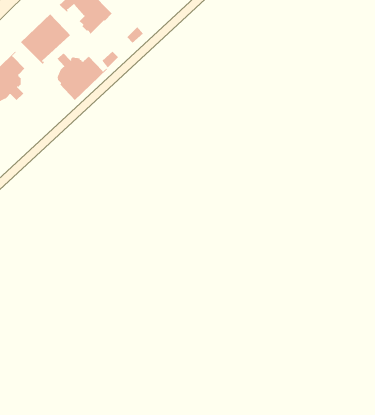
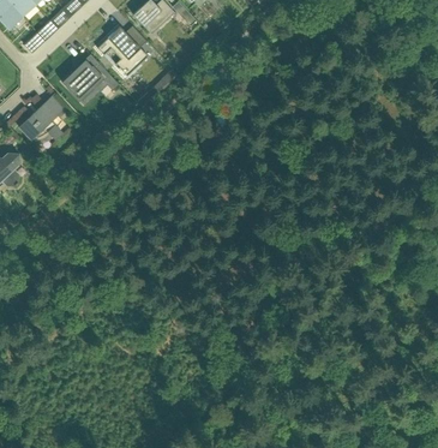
building: [57,52,108,101] -> none

